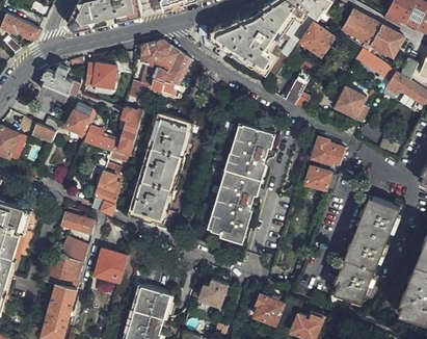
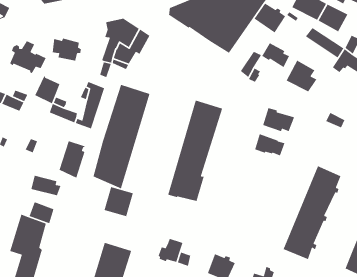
building: none -> [261,42,290,68]
building: [95,249,127,282] -> [104,186,134,217]

